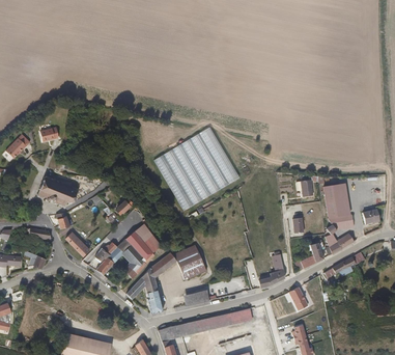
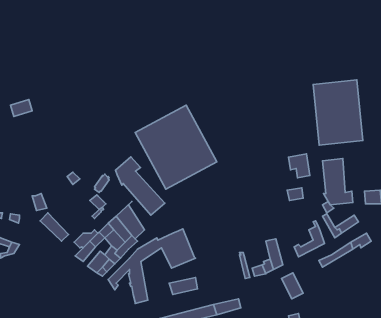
building: none -> [313,80,363,145]
building: [36,175,78,207] -> none
building: none -> [116,157,165,215]

